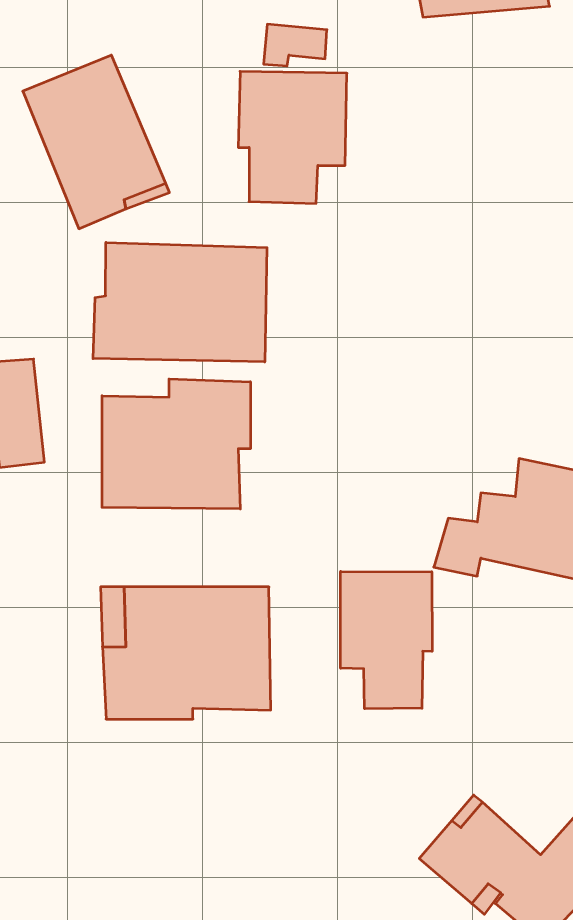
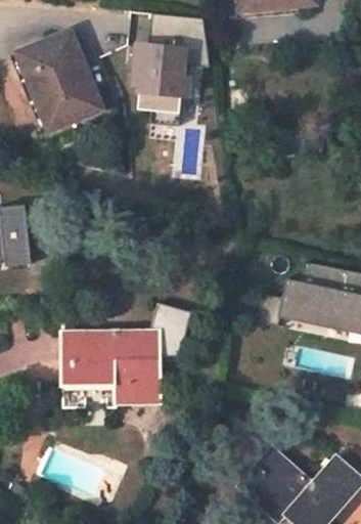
building: [93,242,267,362] -> none
building: [102,379,250,509] -> none
building: [341,571,432,709] -> none

